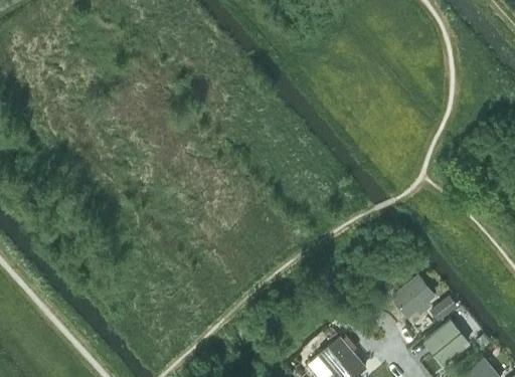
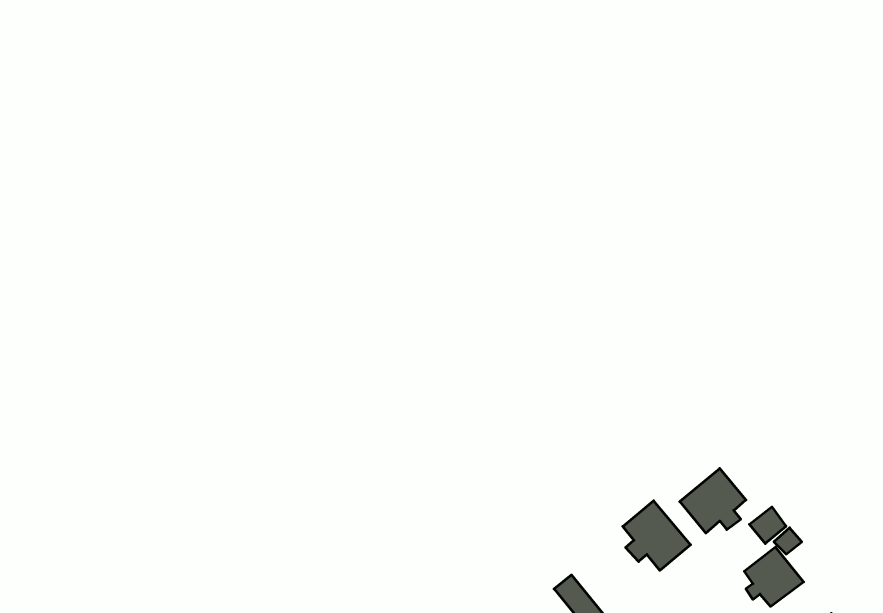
building: none -> [623,501,691,570]

